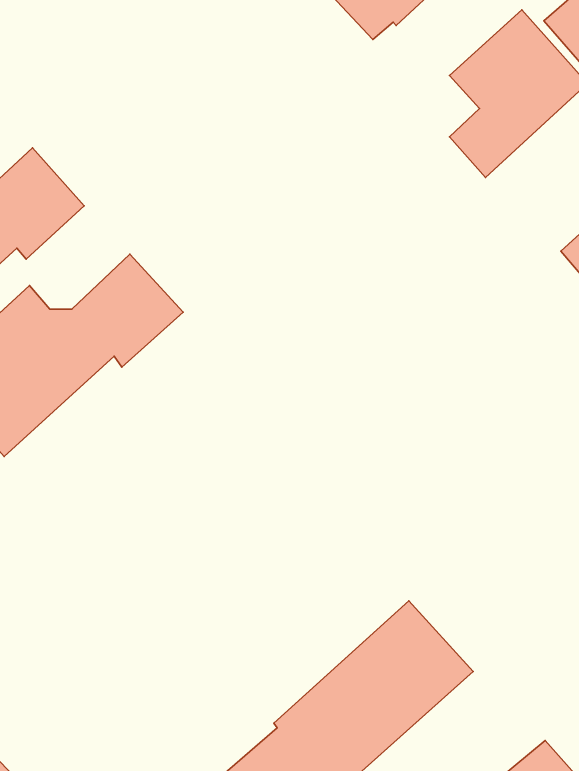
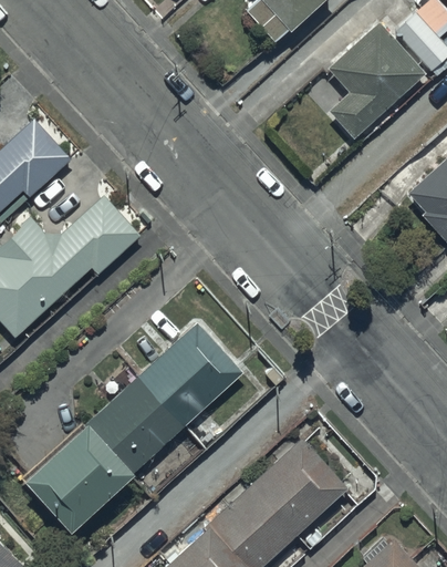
building: none -> [23,322,245,535]

